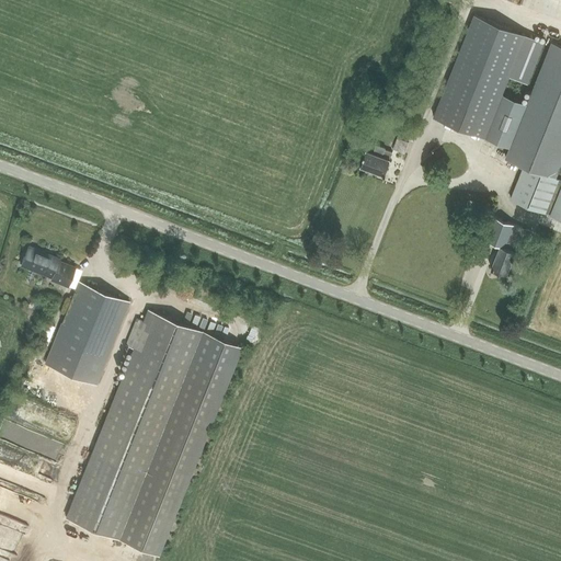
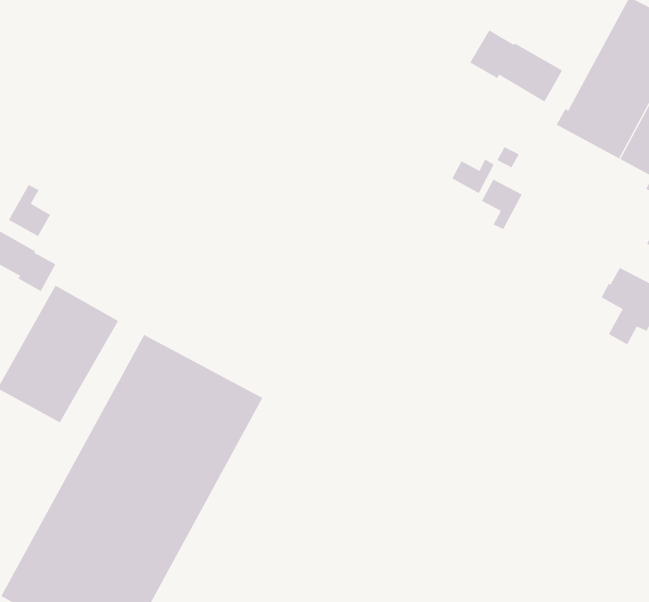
building: none -> [470,30,563,102]
building: none -> [481,179,523,230]
building: none -> [8,184,51,237]

